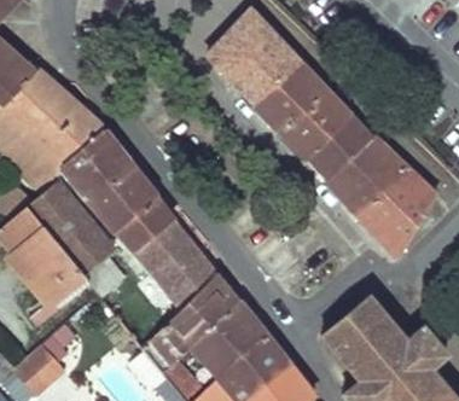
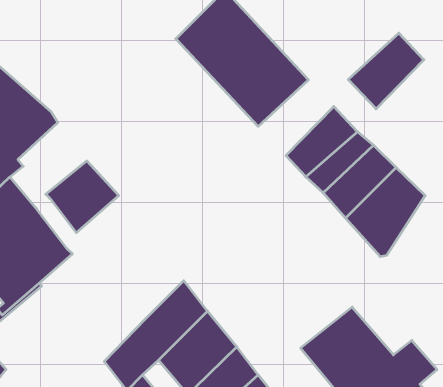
building: [283,91,351,159] -> [348,33,424,109]
building: [64,129,127,194] -> none
building: [117,196,215,308] -> none

